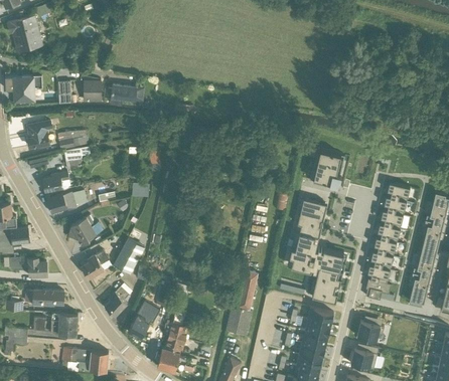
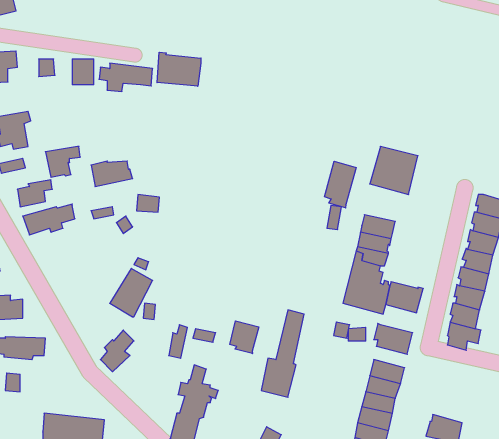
building: none -> [157,52,201,86]
building: [57,131,89,150] -> [91,161,133,187]
building: none -> [325,161,356,208]
building: [67,214,103,244] -> none
building: [82,250,111,277] -> none
building: [315,265,342,287] -> none
building: none -> [230,321,259,354]
building: [128,305,151,338] -> none
building: [50,313,77,335] -> none
building: [355,321,384,344] -> none

